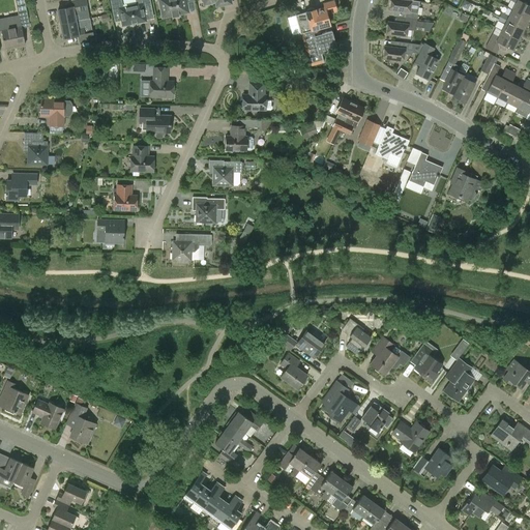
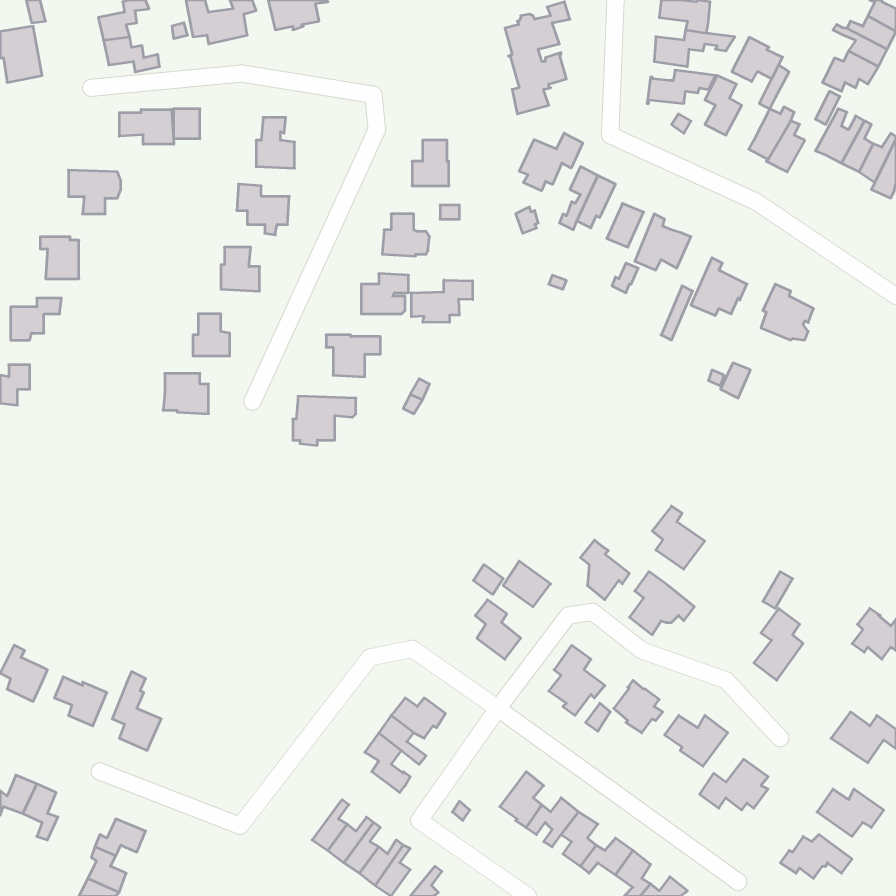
building: none -> [732,37,783,82]
building: none -> [119,109,174,144]
building: none -> [519,133,583,191]
building: none -> [411,280,473,322]
building: [413,344,444,381] -> [652,506,705,569]
building: [278,448,311,476] -> none

